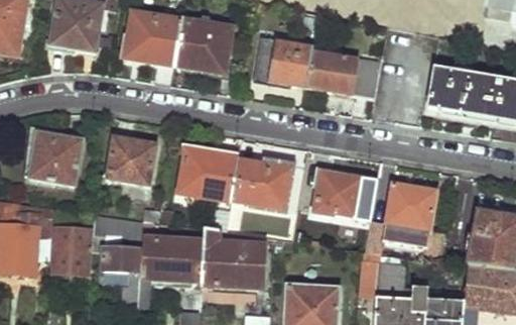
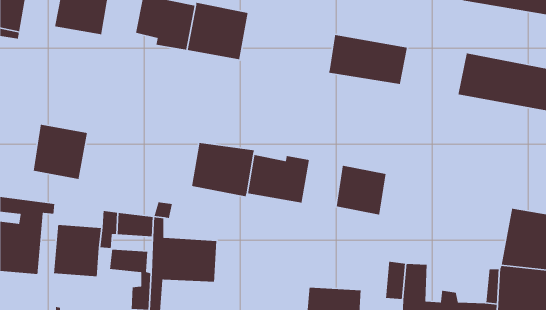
building: [256,36,314,84] -> none
building: [107,136,156,185] -> none
building: [365,183,445,261] -> none
building: [202,228,261,286] -> none

